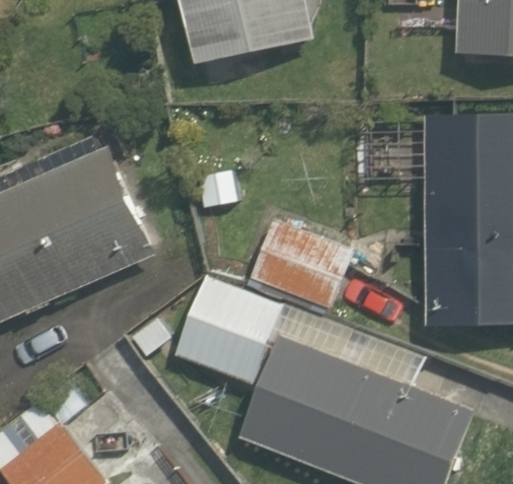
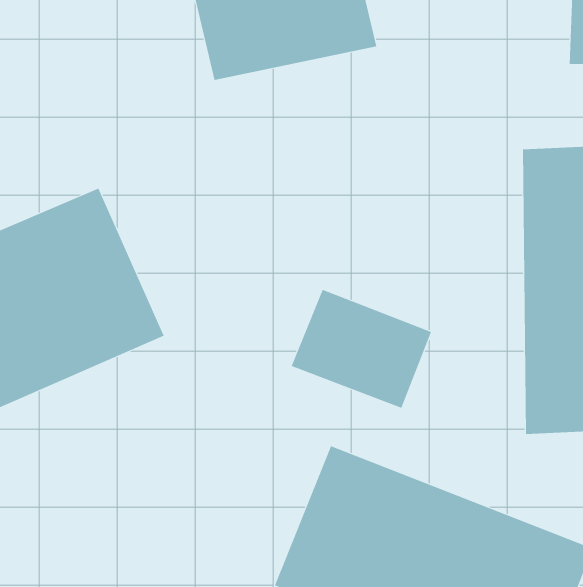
building: [175,275,284,385] -> none

